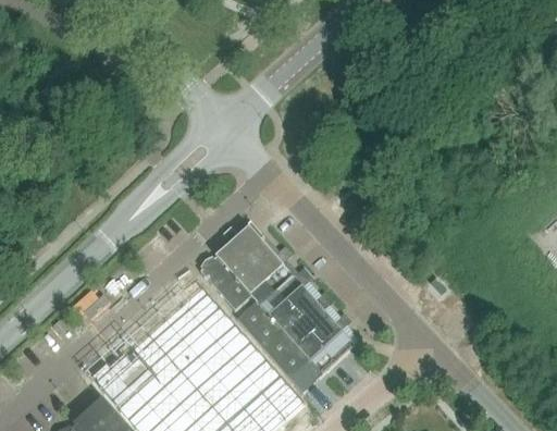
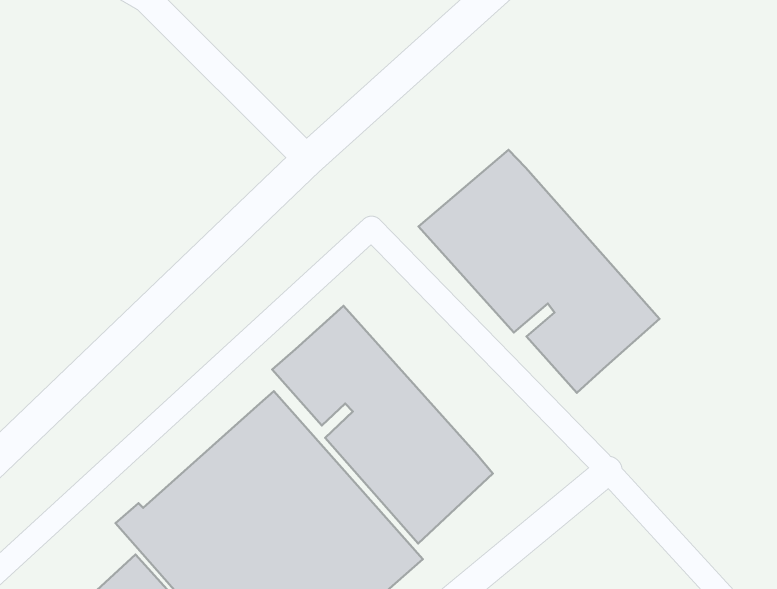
building: none -> [418,150,660,393]

